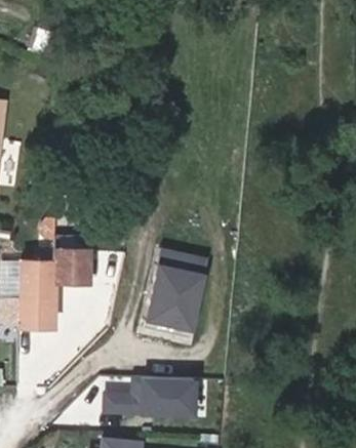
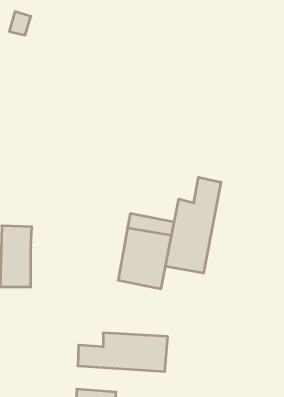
building: none -> [165,177,221,273]
building: [51,251,85,284] -> none

